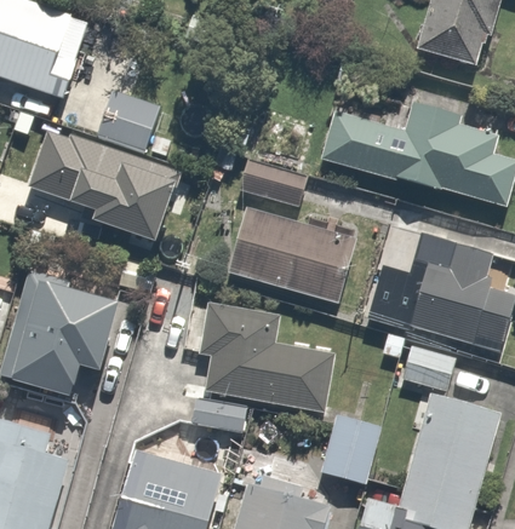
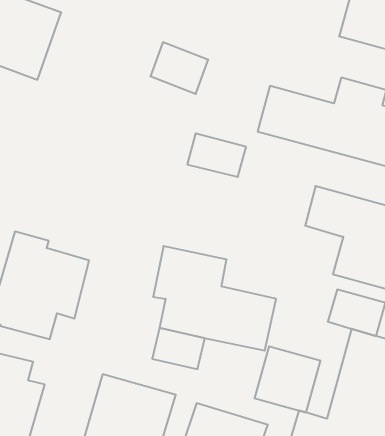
building: [96,90,164,150] -> [150,42,208,94]
building: [29,134,184,247] -> none
building: [225,206,355,299] -> none

